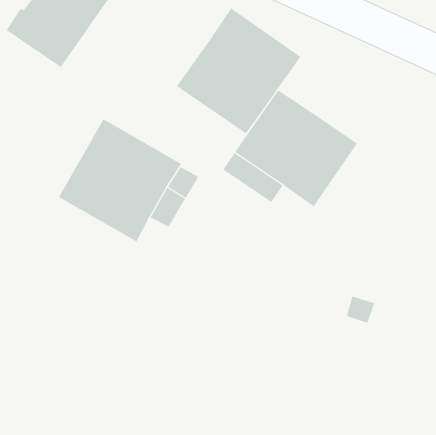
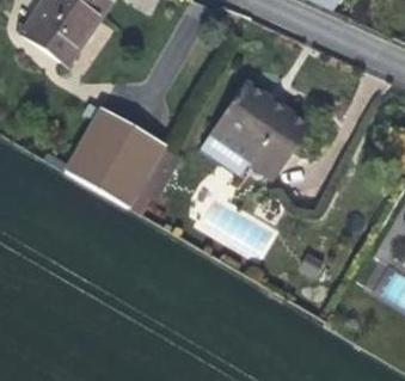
building: [176,7,301,134] -> none

